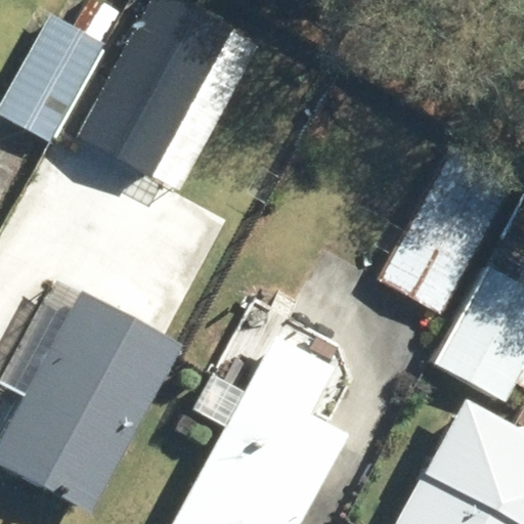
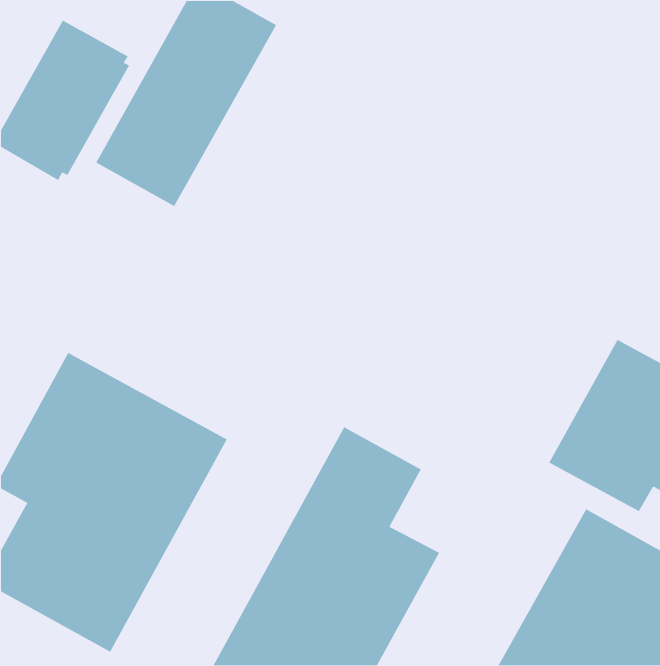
building: [382,147,516,314] -> none

